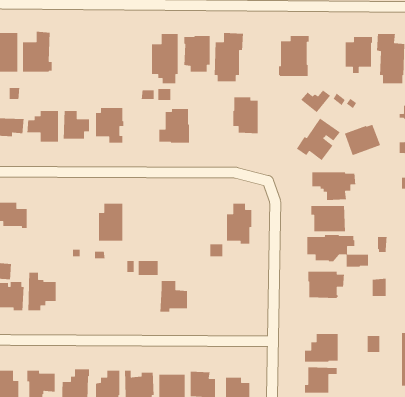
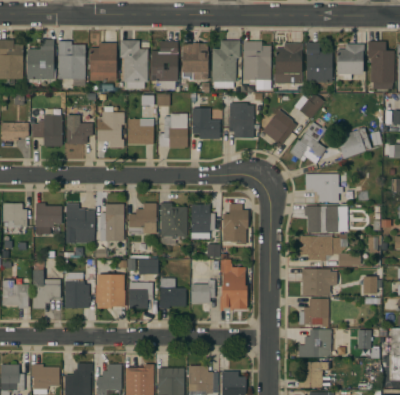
building: none -> [120,40,148,88]
building: none -> [58,41,85,79]
building: none -> [243,41,271,88]
building: none -> [306,42,332,82]
building: none -> [90,43,116,80]
building: none -> [192,108,220,139]
building: none -> [262,109,297,148]
building: none -> [127,119,154,145]
building: none -> [36,203,62,236]
building: none -> [66,203,94,243]
building: none -> [129,203,156,234]
building: none -> [161,203,187,244]
building: none -> [191,204,215,239]
building: none -> [220,259,247,311]
building: none -> [96,274,124,308]
building: none -> [190,276,215,303]
building: none -> [64,281,91,309]
building: none -> [129,282,153,308]
building: none -> [299,298,329,327]

